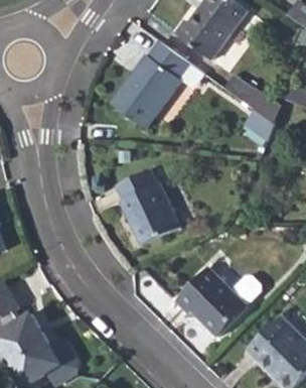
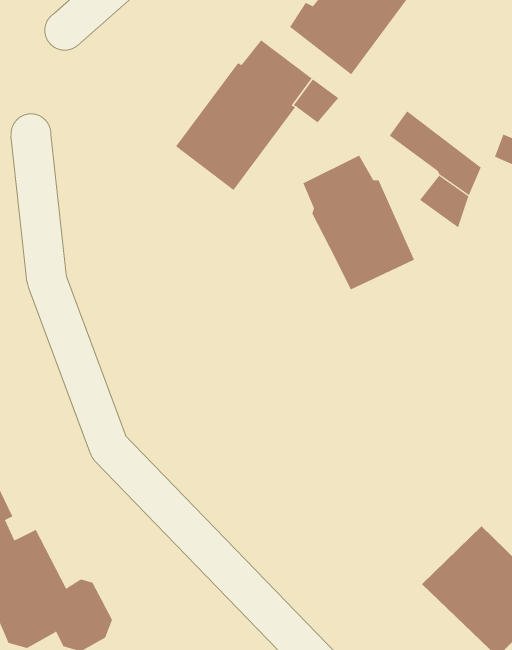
building: [117,167,180,244] -> [303,155,415,290]
building: [174,264,261,335] -> none

